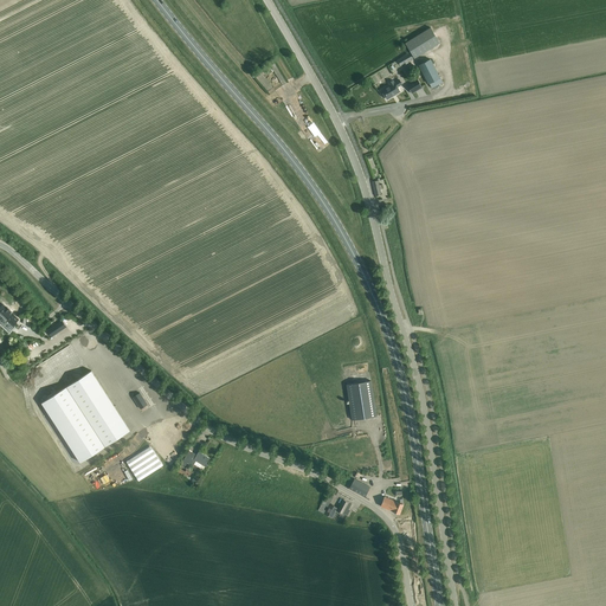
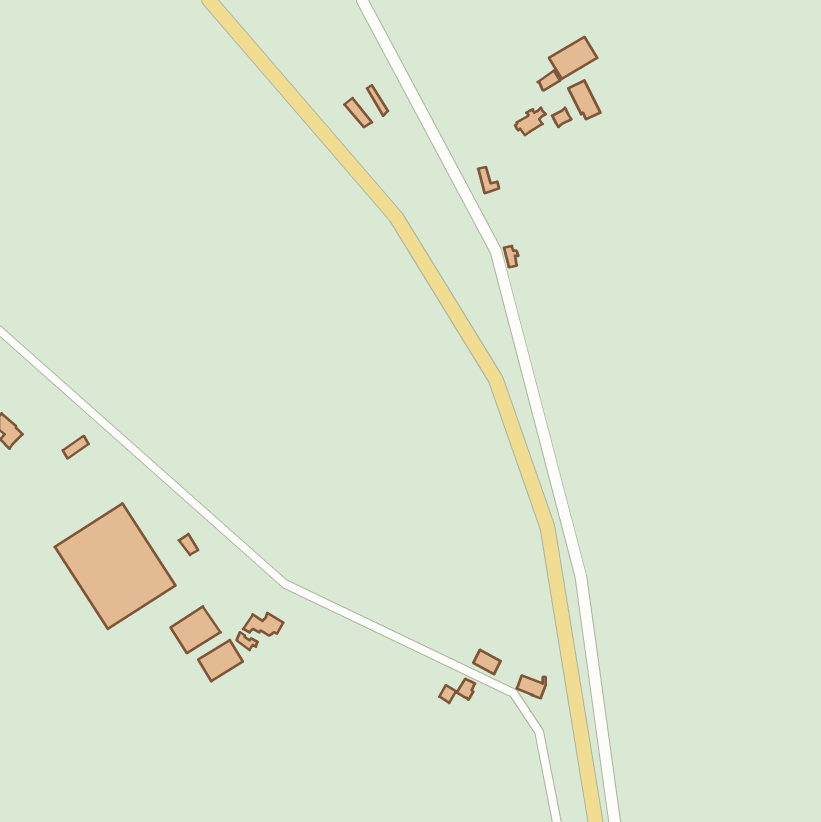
building: [346,381,375,420] -> none
building: none -> [198,640,243,681]

